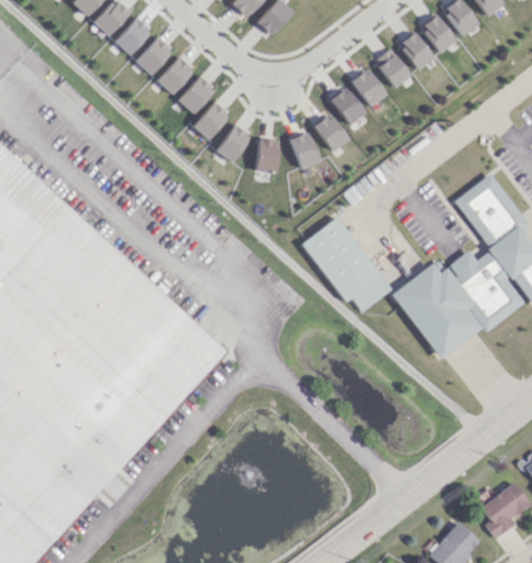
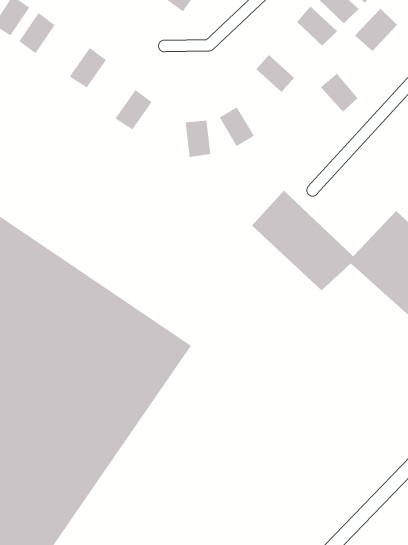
building: [134,37,171,76] -> none
building: none -> [354,8,398,52]
building: [351,69,385,107] -> [320,73,359,112]
building: [176,77,213,114] -> none
building: [312,114,348,152] -> none
building: [214,124,251,164] -> none

